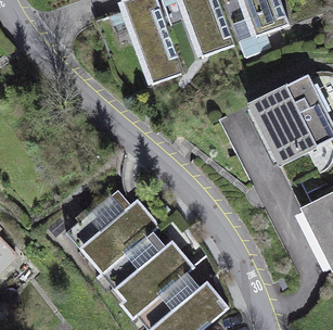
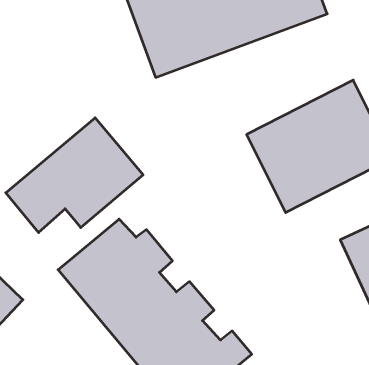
building: none -> [6,118,143,233]

